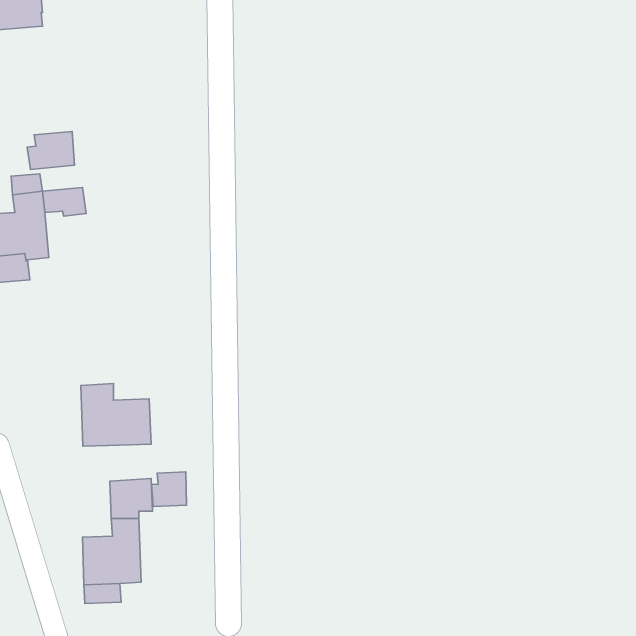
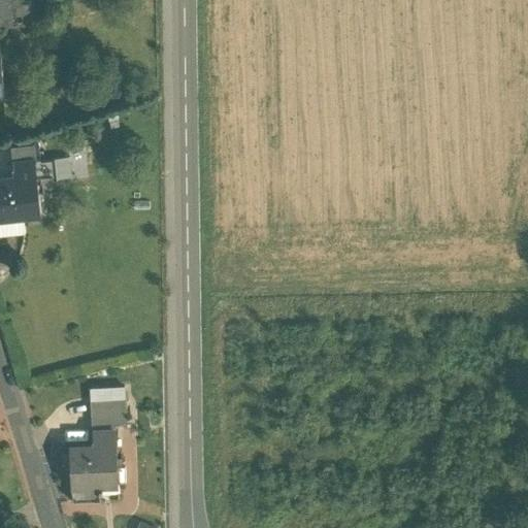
building: [27,131,74,170] -> none
building: [81,383,151,446] -> none
building: [151,472,186,507] -> none

